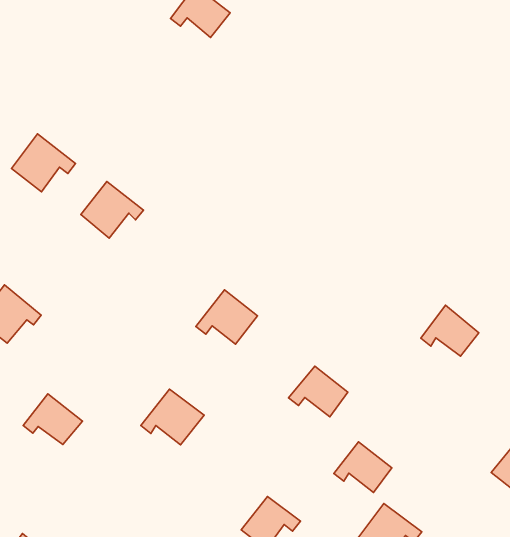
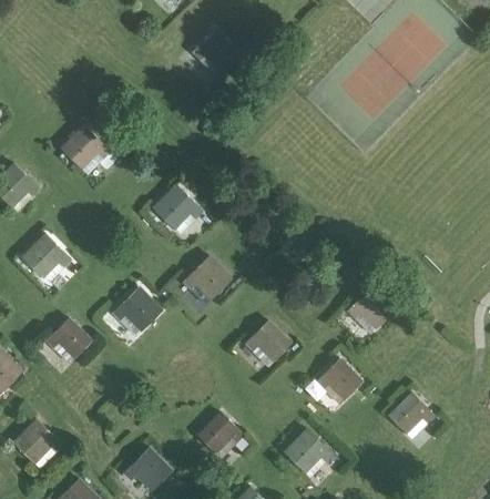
building: [81,181,143,238] -> [154,186,201,228]
building: [141,389,204,445] -> [113,288,161,330]
building: [334,442,392,493] -> [317,359,360,398]

